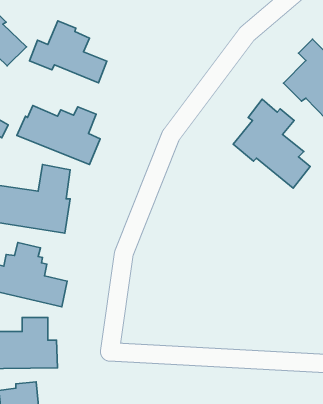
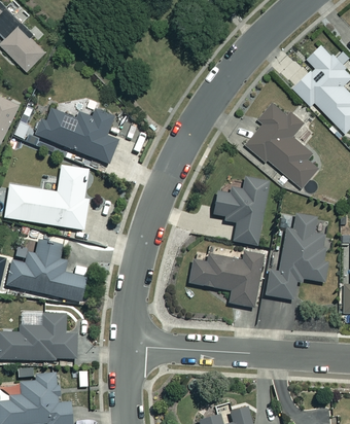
building: [29,21,107,83] -> none
building: none -> [211,176,269,245]
building: none -> [264,213,325,299]
building: none -> [187,251,264,309]

